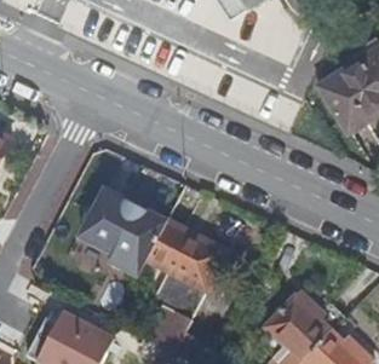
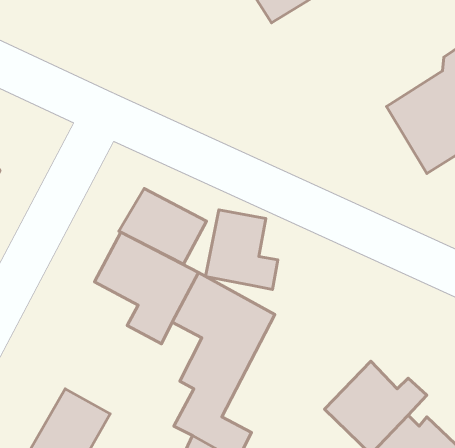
building: none -> [119,189,207,264]
building: none -> [206,210,278,290]

